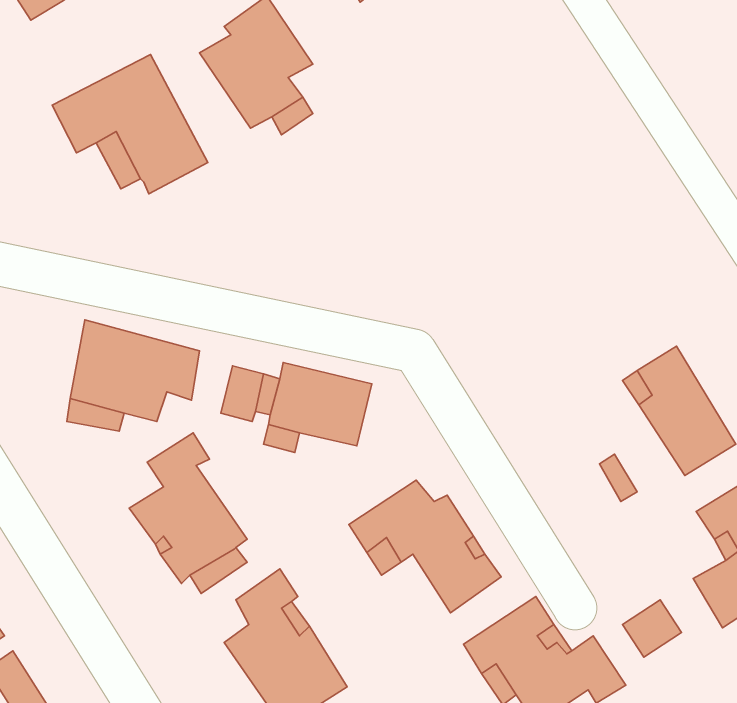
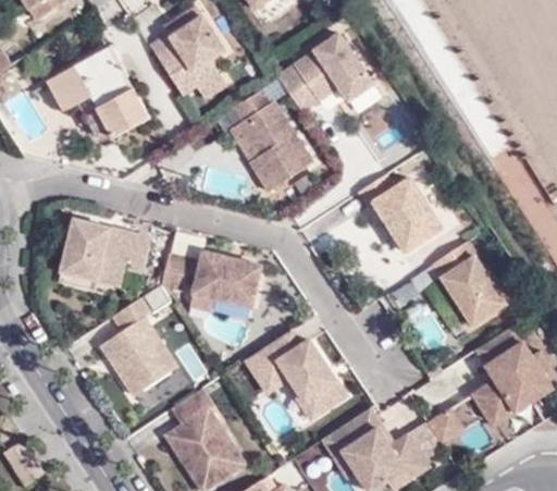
building: none -> [274,34,370,113]
building: none -> [228,90,308,194]
building: none -> [357,173,442,253]

